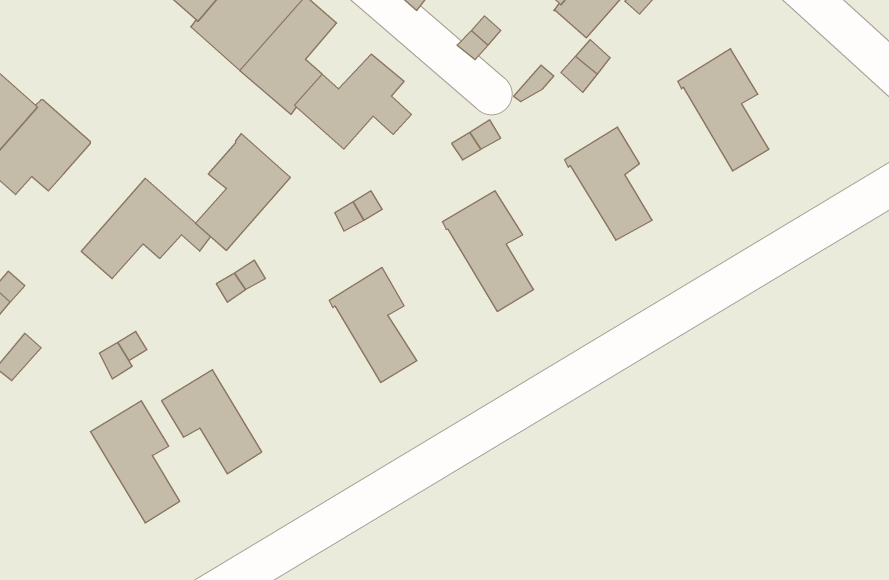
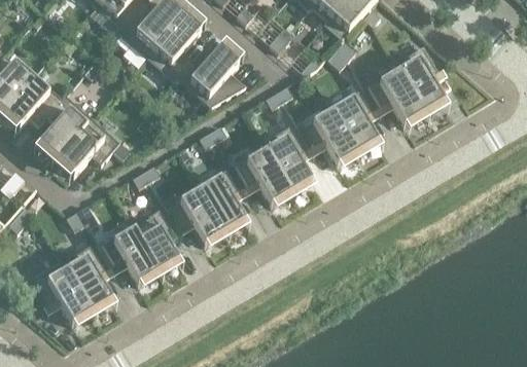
building: none -> [368,66,425,124]
building: [195,134,290,250] -> [40,93,94,158]
building: none -> [305,110,359,164]
building: none -> [236,146,292,205]
building: none -> [172,189,226,244]
building: none -> [132,208,180,271]
building: none -> [34,260,94,323]

